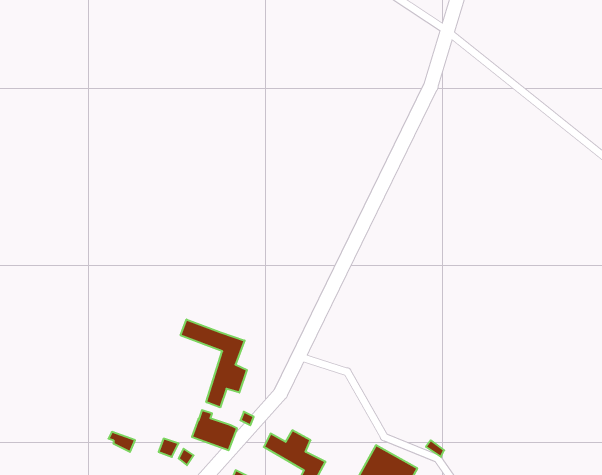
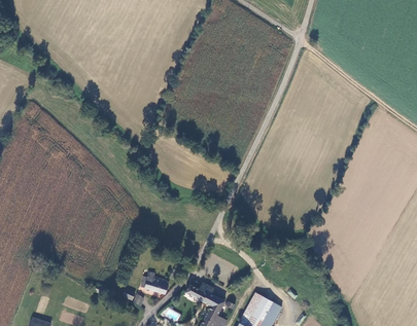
building: [181,319,247,407] -> none

